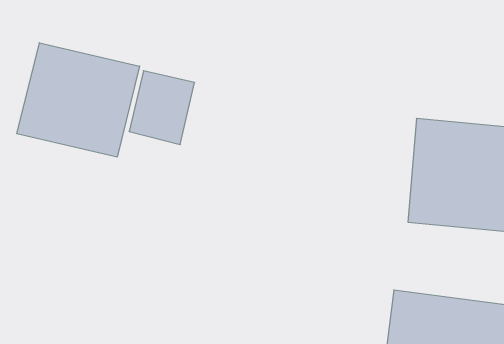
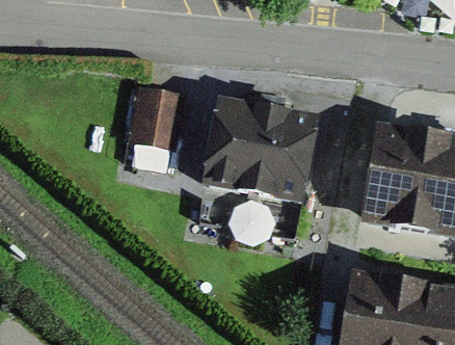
building: [17,43,140,157] -> none
building: none -> [211,109,311,196]

